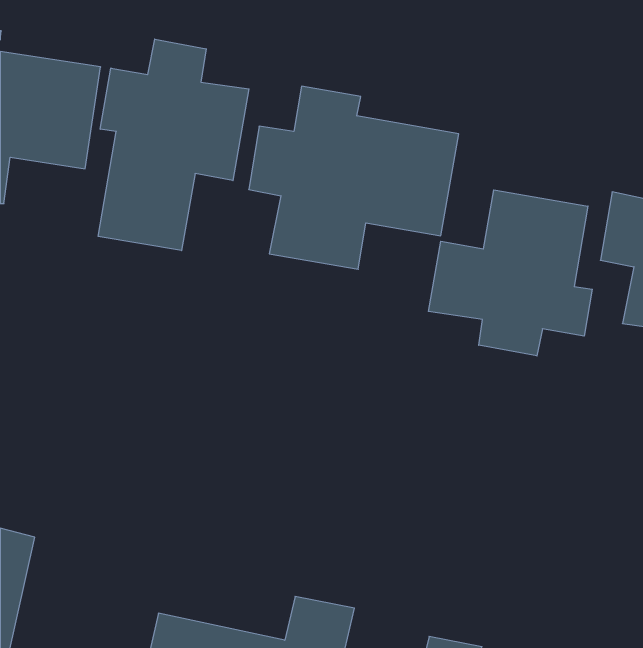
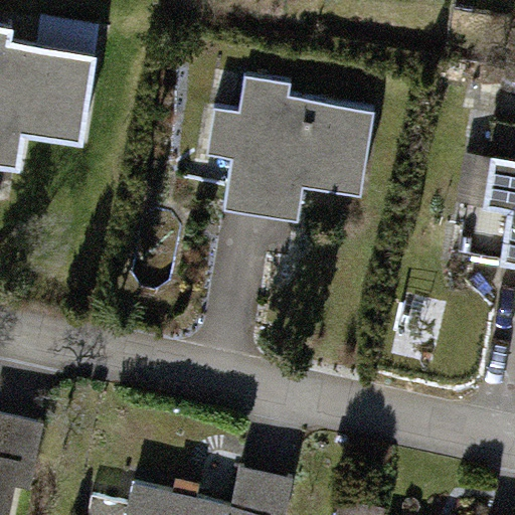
building: [98,39,249,251] -> none
building: [428,190,592,356] -> none

